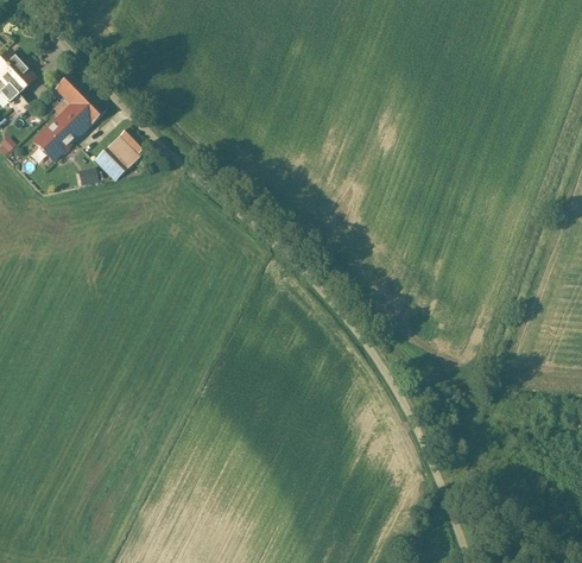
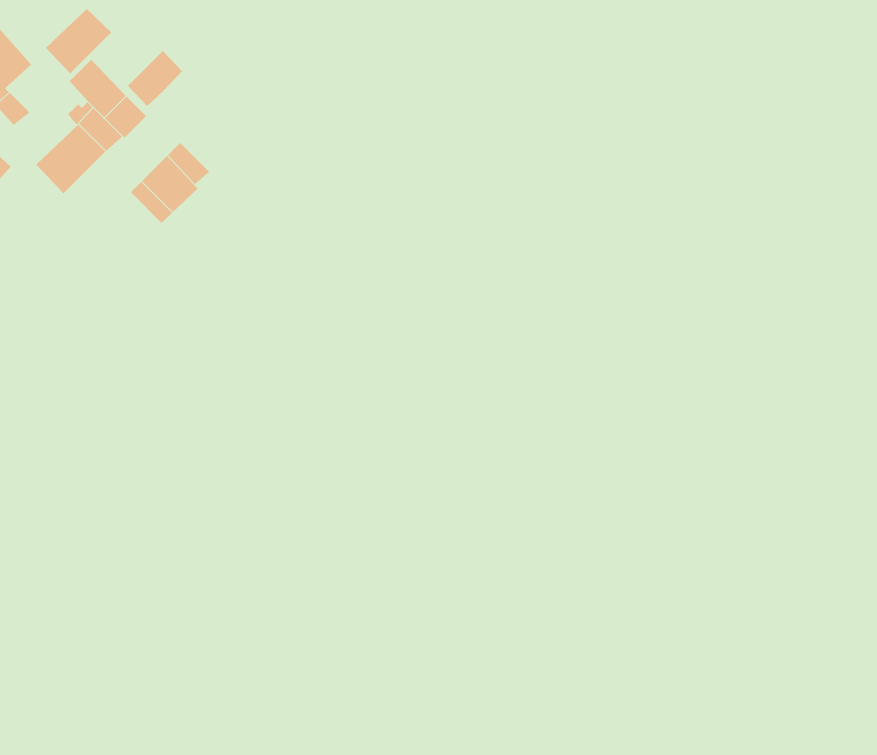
building: none -> [45,8,112,74]
building: none -> [127,50,183,107]

